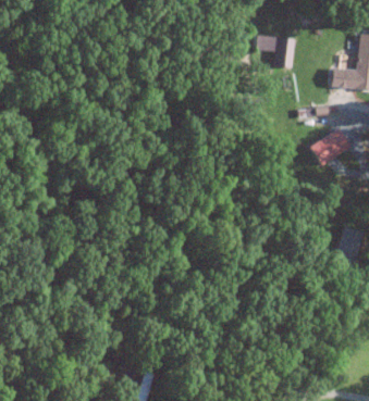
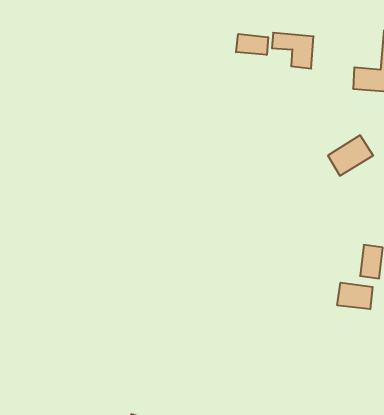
building: none -> [236,34,268,55]
building: none -> [337,283,373,309]

